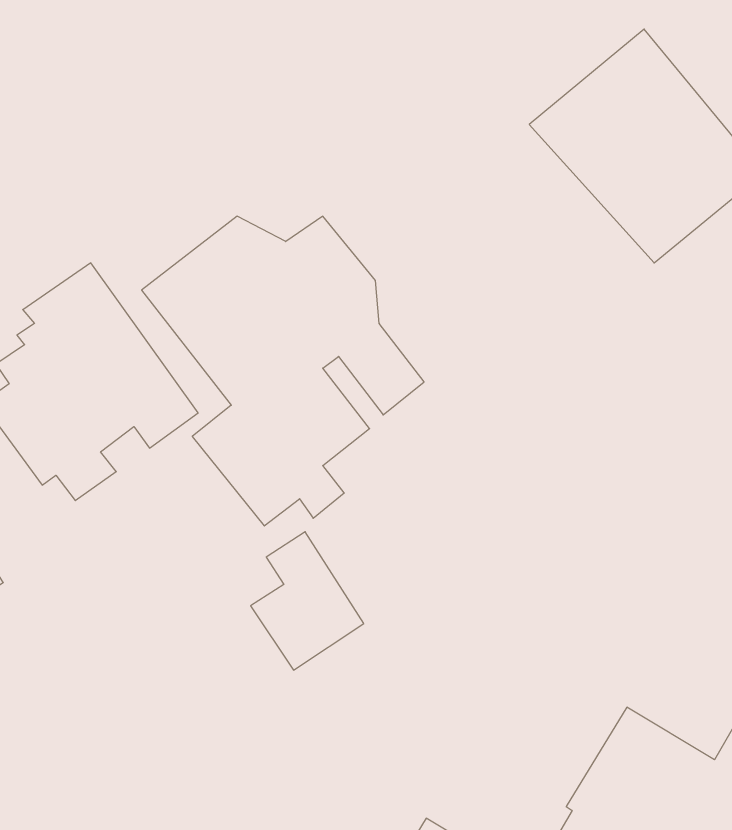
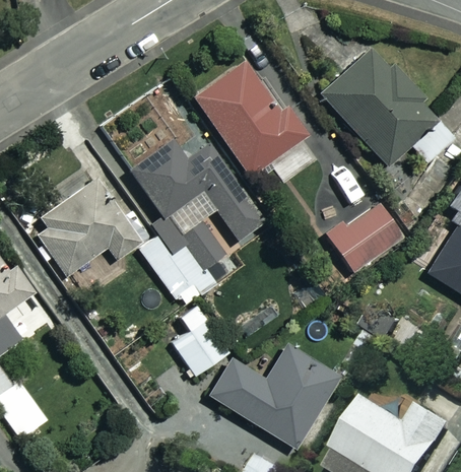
building: none -> [194,56,305,173]
building: none -> [325,202,404,271]
building: none -> [206,346,335,448]

